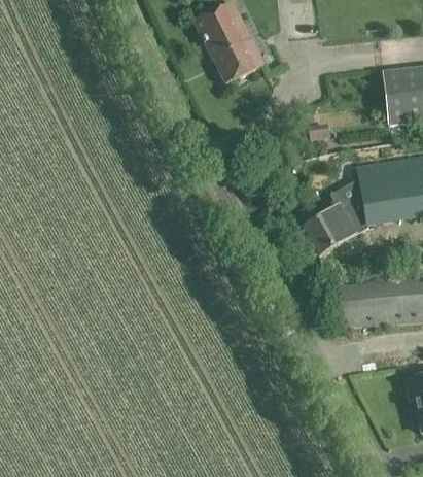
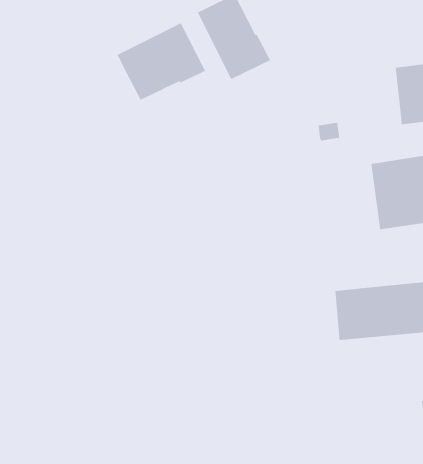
building: none -> [117,22,206,101]
building: [304,178,371,257] -> none

